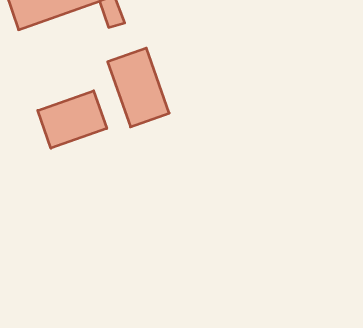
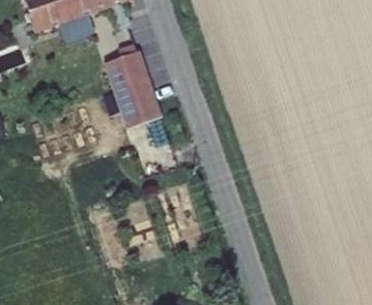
building: [38,91,107,148] -> none

